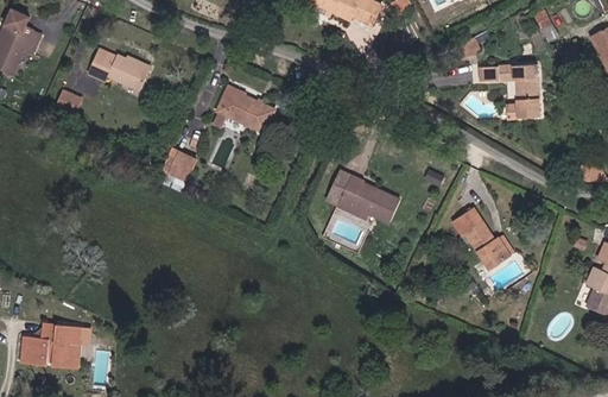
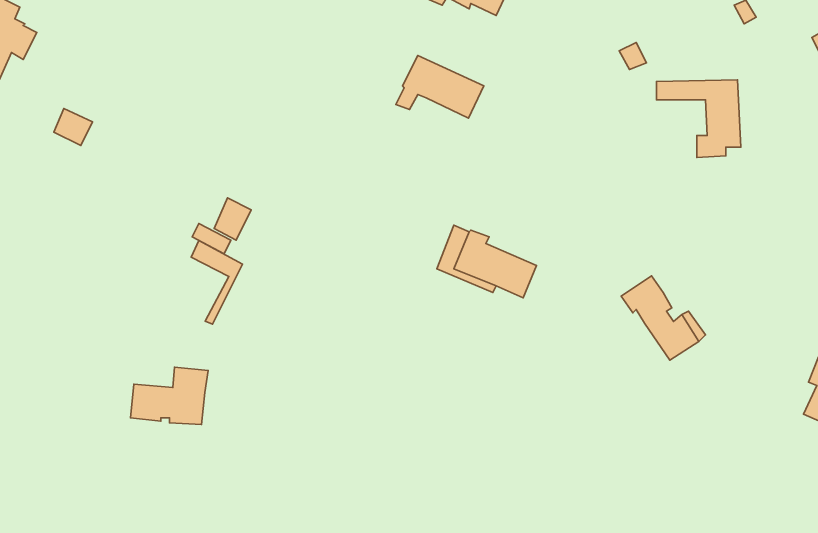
building: [89,50,151,89] -> none
building: [214,88,276,132] -> [396,56,484,118]
building: none -> [191,240,243,324]
building: [27,323,82,364] -> [131,367,208,425]

